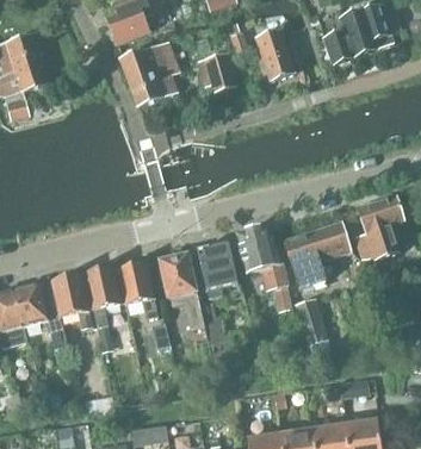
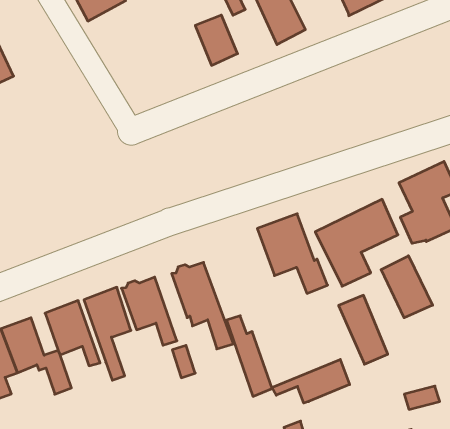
building: [119,43,177,105] -> none
building: [197,242,237,294] -> none
building: none -> [381,256,433,318]
building: none -> [272,359,350,403]

